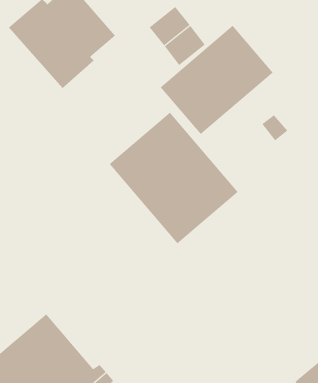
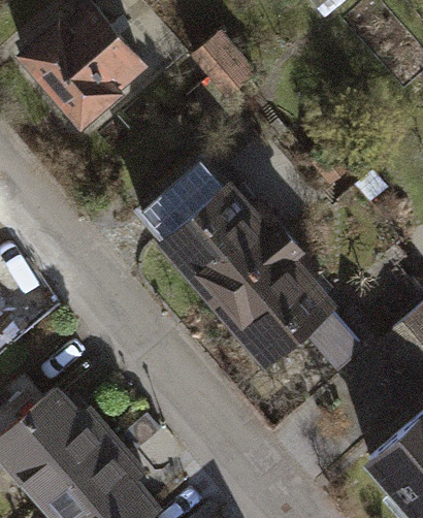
building: [160,25,274,135] -> none
building: none -> [218,239,369,376]

